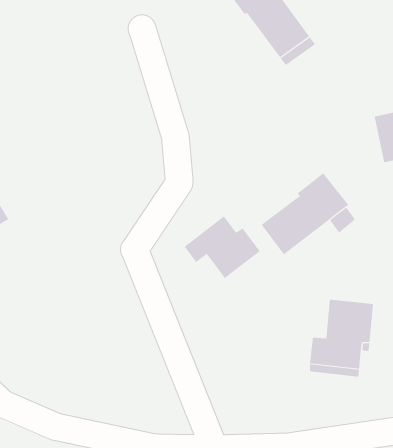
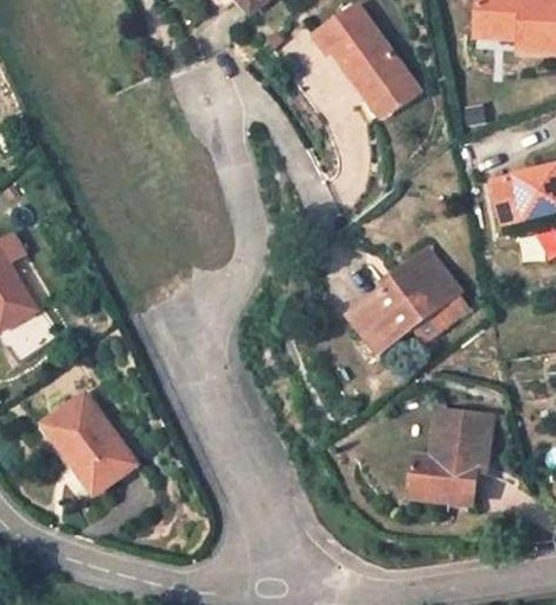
building: [184,216,260,279] -> none
building: none -> [44,394,134,491]

